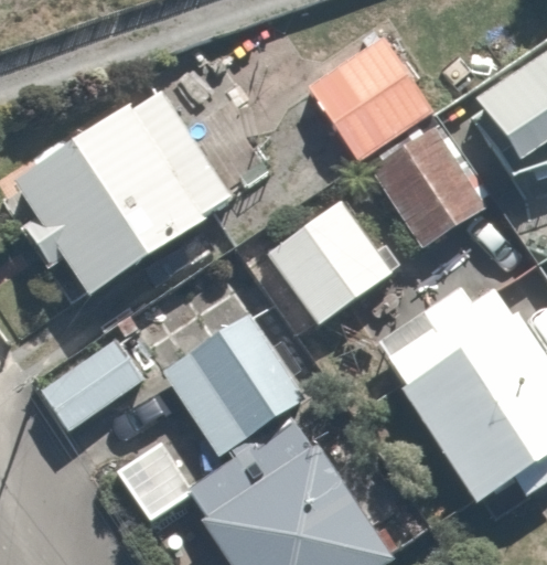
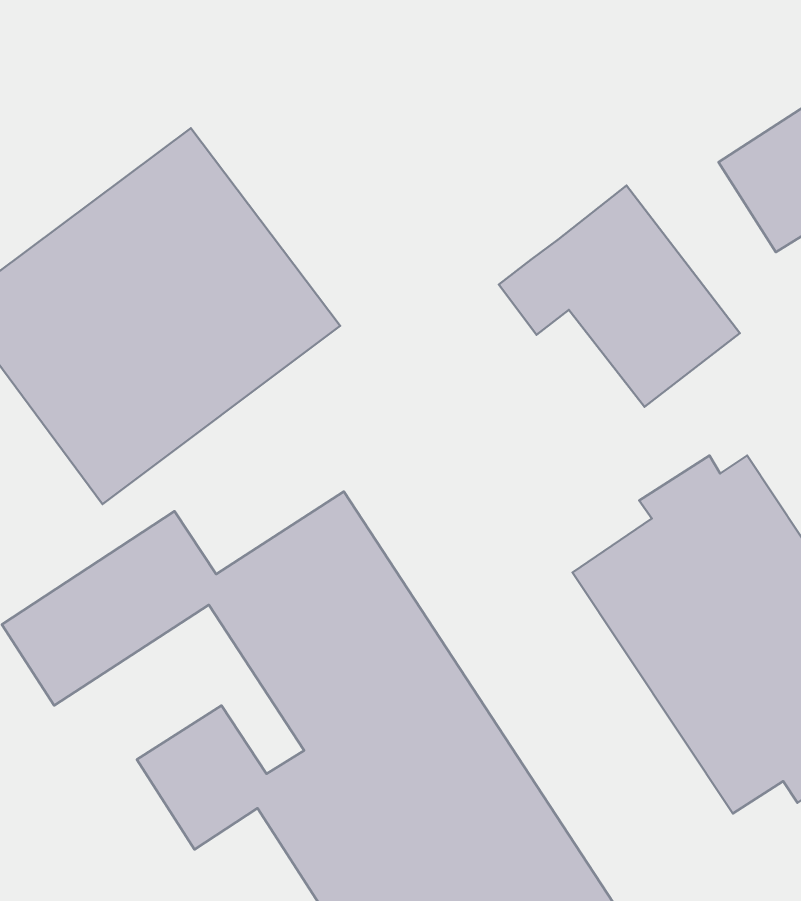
building: [303,30,438,162] -> none
building: [270,201,394,323] -> none

